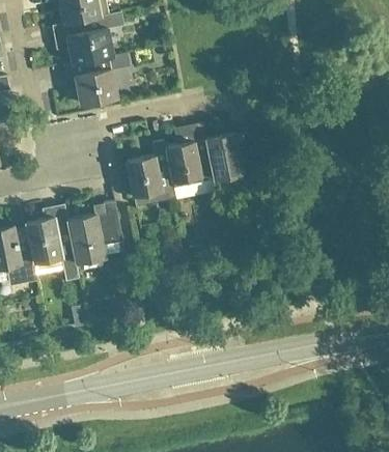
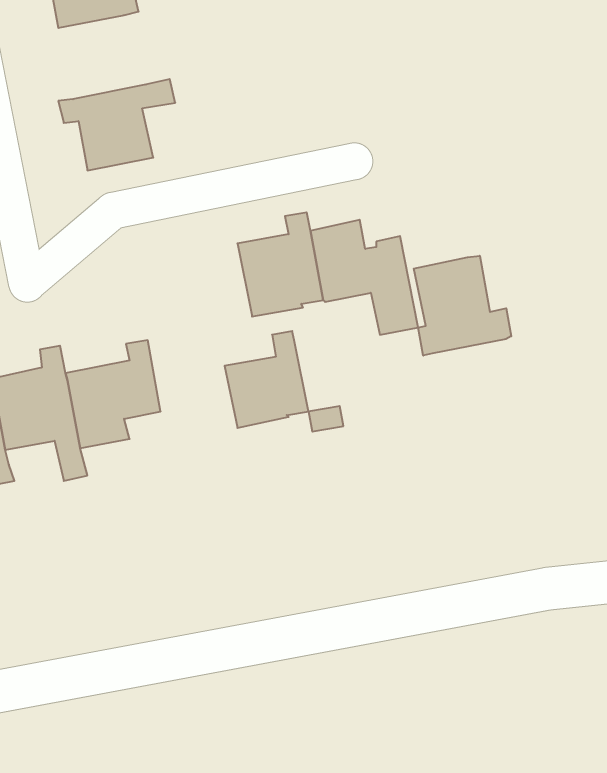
building: [51,13,118,65] -> none
building: [124,142,172,197] -> [225,331,309,428]
building: none -> [414,256,511,356]

